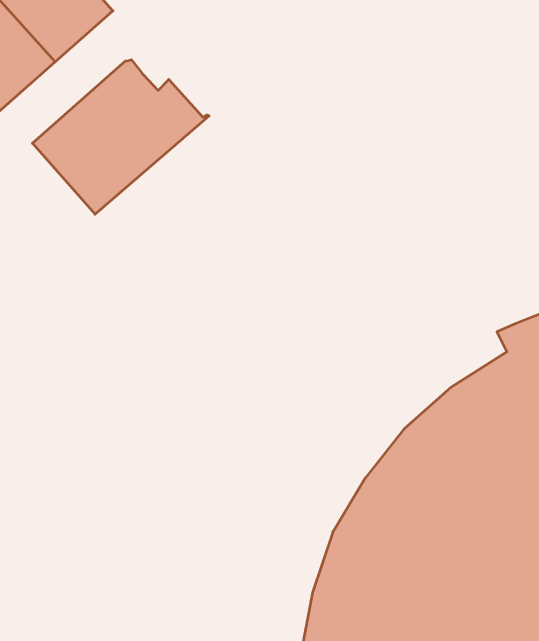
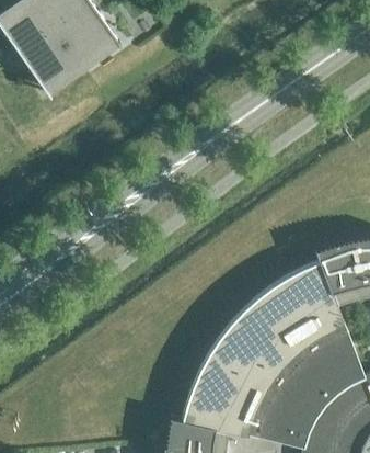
building: [32,60,209,214] -> none

